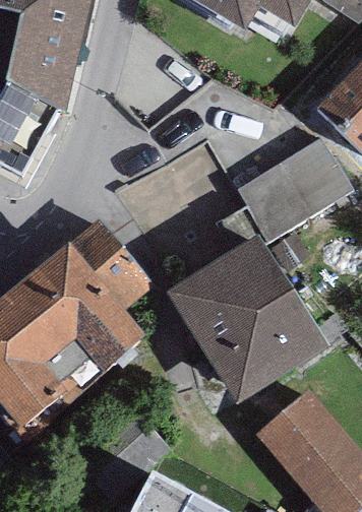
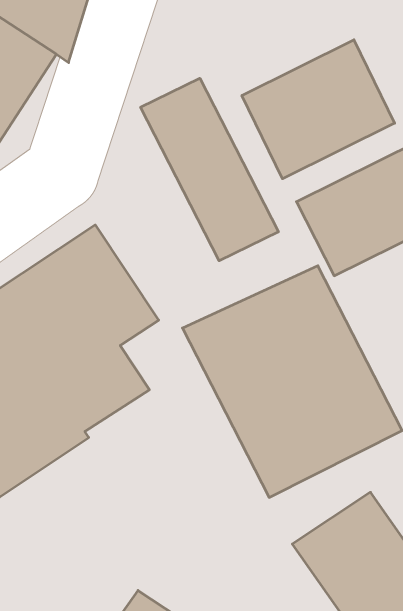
building: none -> [242,40,395,179]
building: none -> [141,78,278,261]

